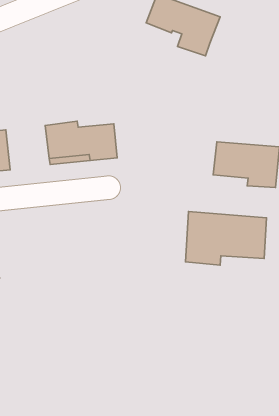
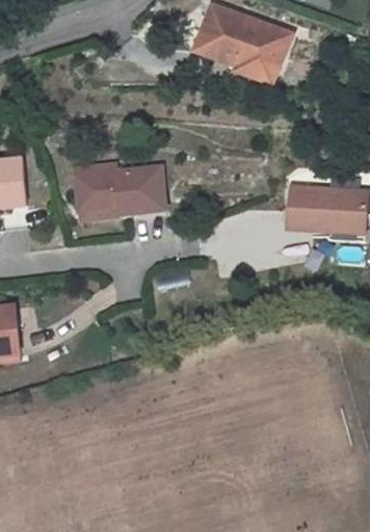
building: [186,212,267,265] -> none

